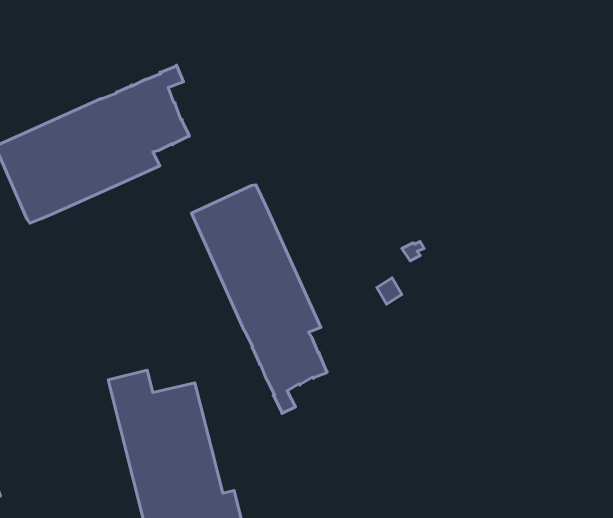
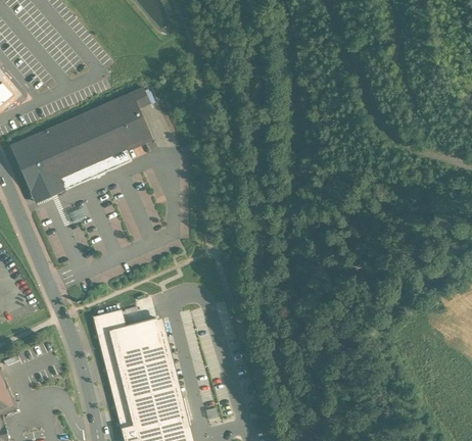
building: [191,185,327,413] -> none

